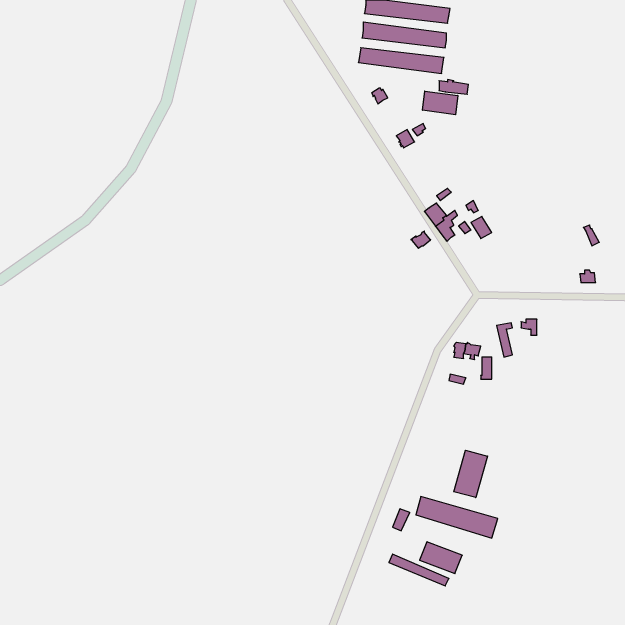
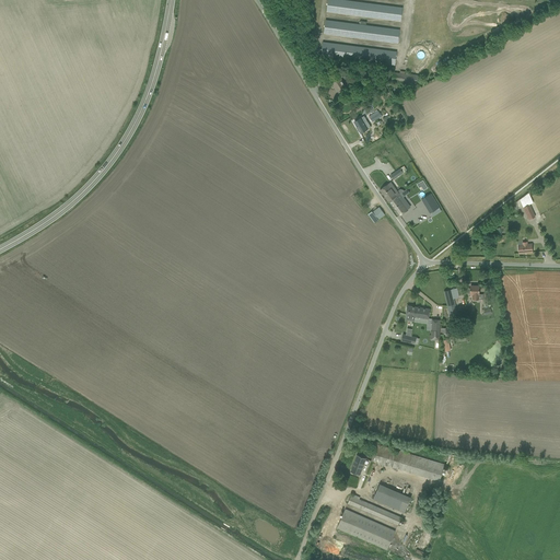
building: [423,91,458,115] -> none
building: [454,450,488,498] -> none
building: none -> [337,509,395,550]

